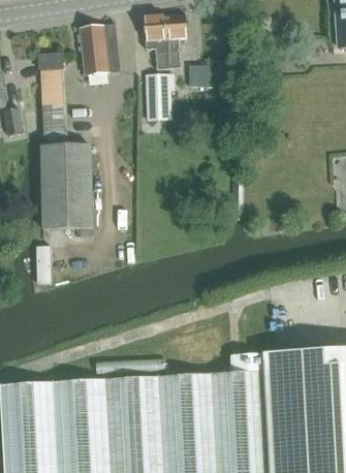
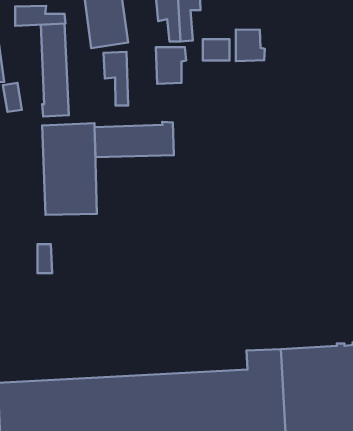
building: none -> [15,6,65,26]
building: none -> [236,29,265,61]
building: none -> [104,52,128,106]
building: none -> [95,122,174,157]

